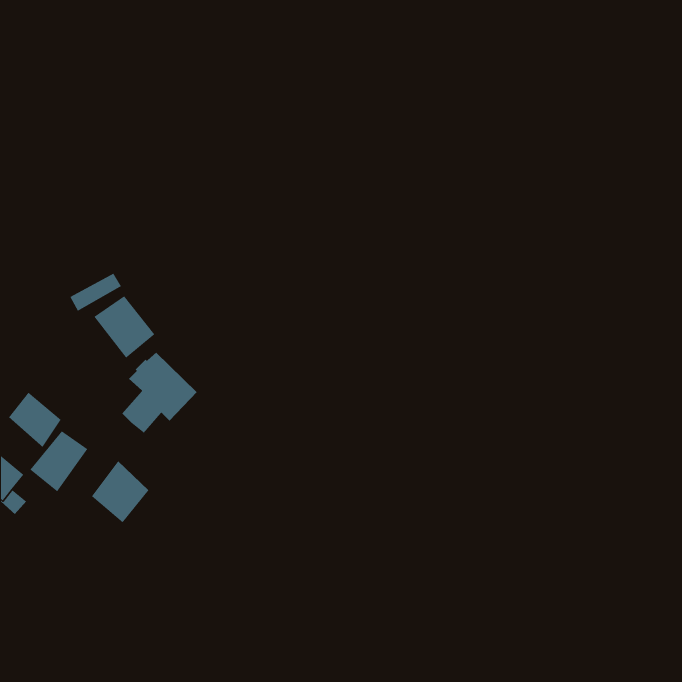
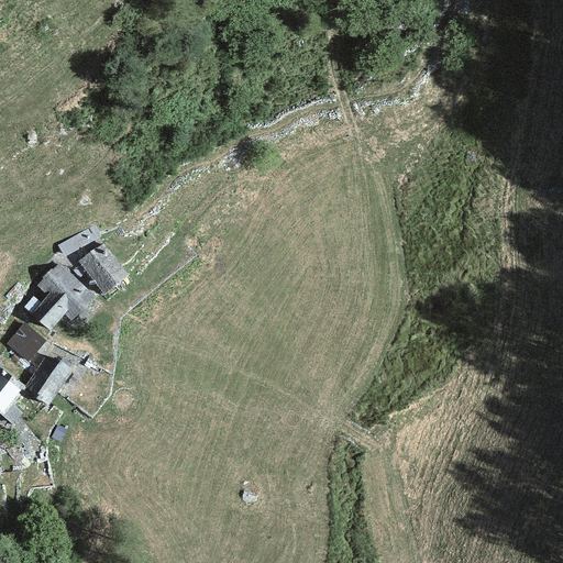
building: [121,352,198,434] -> [32,263,95,330]
building: [91,461,149,523] -> none

